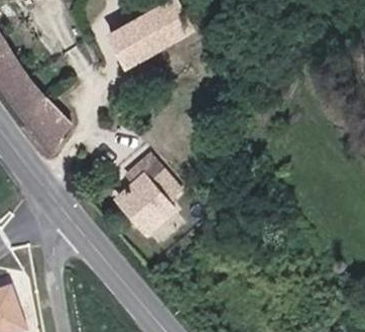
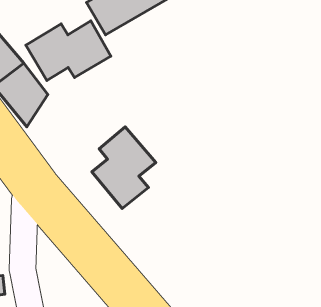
building: none -> [26,21,111,80]

